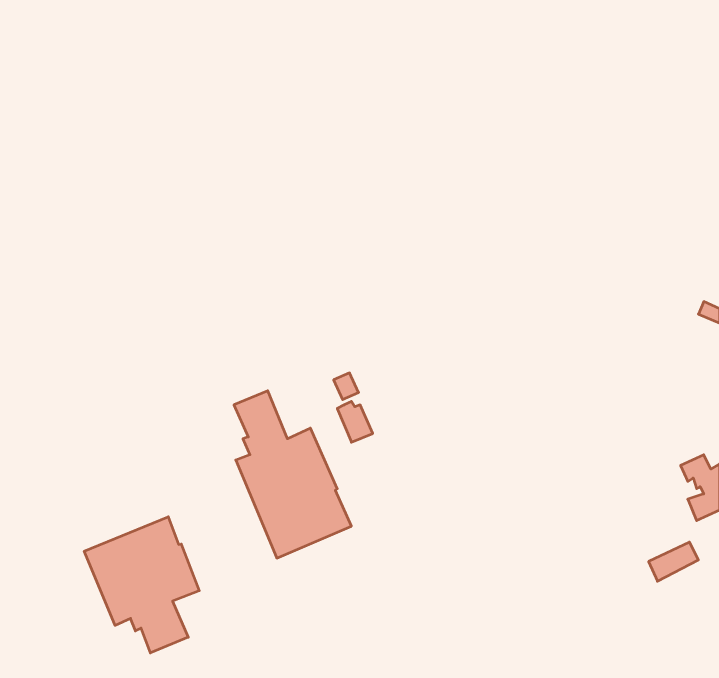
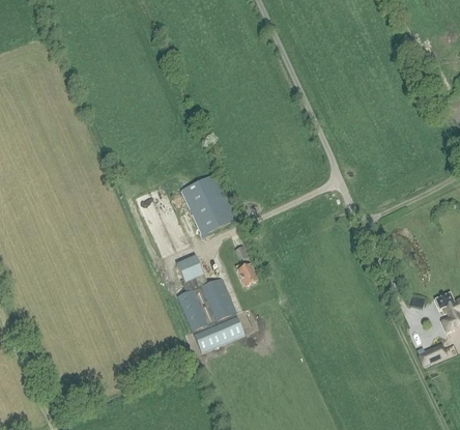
building: none -> [180,173,235,237]
building: [84,517,199,653] -> none

